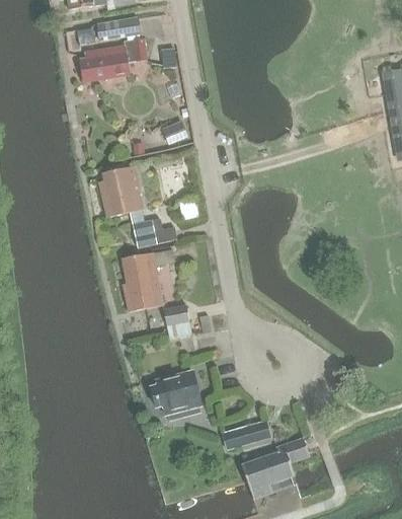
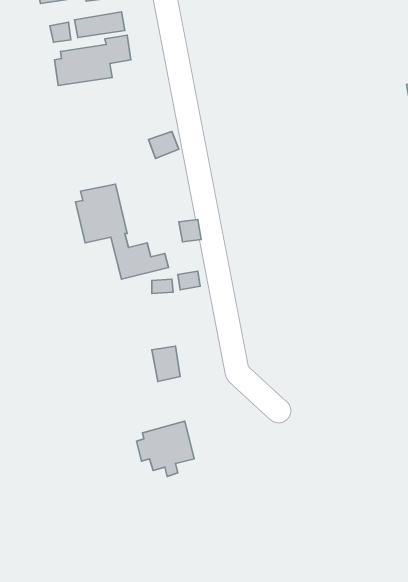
building: [122,251,163,310] -> none
building: [234,420,270,445] -> none
building: [241,437,309,497] -> none

